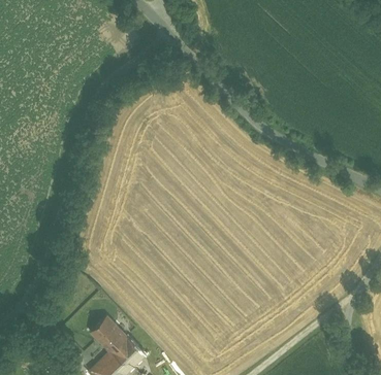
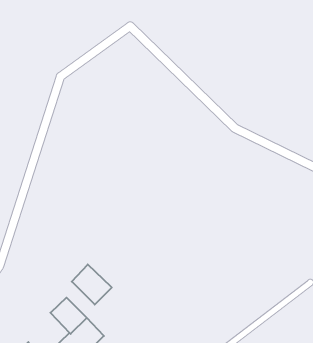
building: none -> [72,264,112,305]

